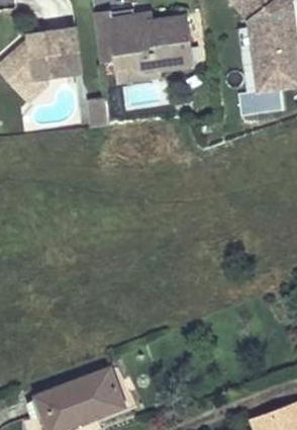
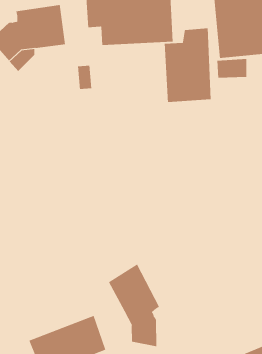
building: none -> [164,28,211,103]
building: none -> [108,263,160,347]

